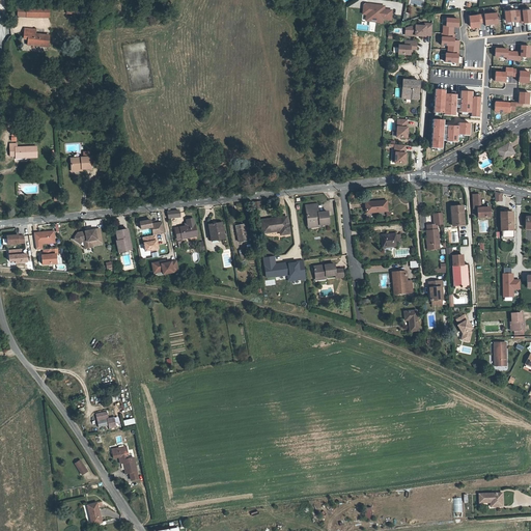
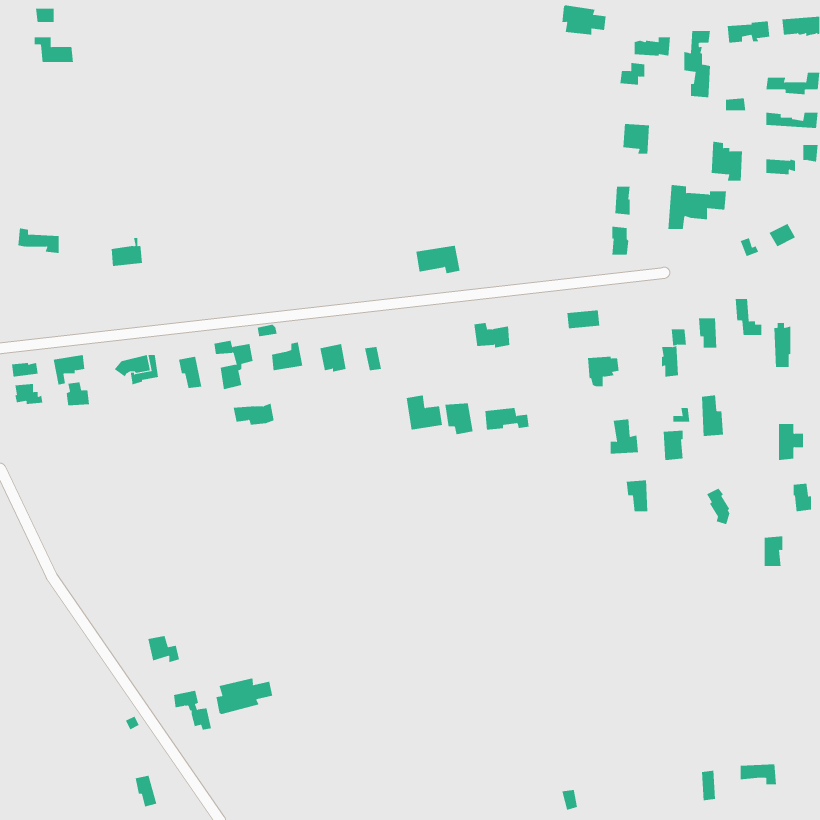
building: [434,89,456,116] -> none
building: [261,217,290,235] -> [415,245,460,274]
building: none -> [216,678,273,715]

